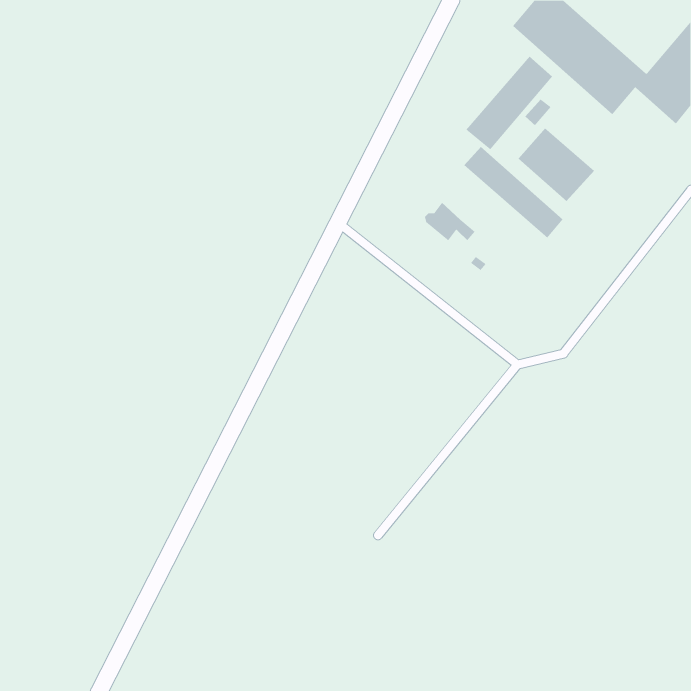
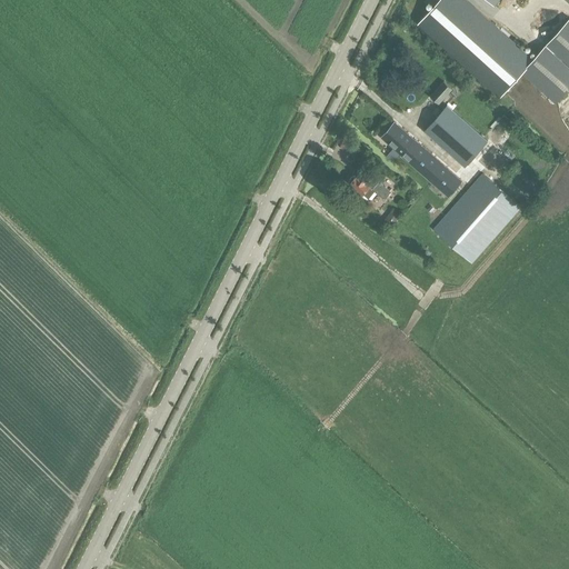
building: [465,56,553,150] -> none
building: none -> [435,174,520,262]

